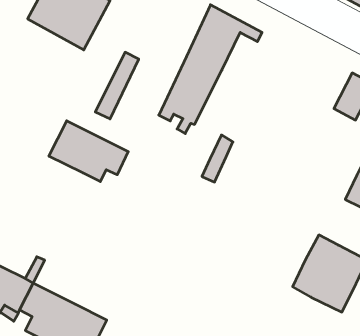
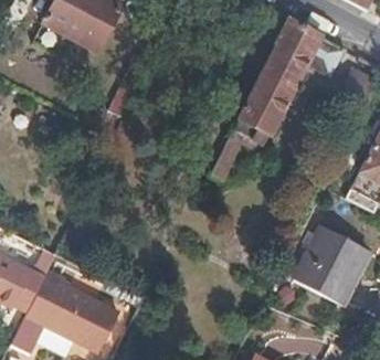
building: [159,5,262,134] -> [238,18,337,141]
building: [49,121,128,182] -> none

